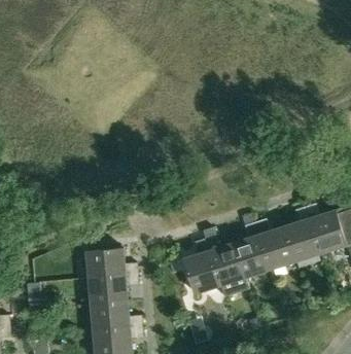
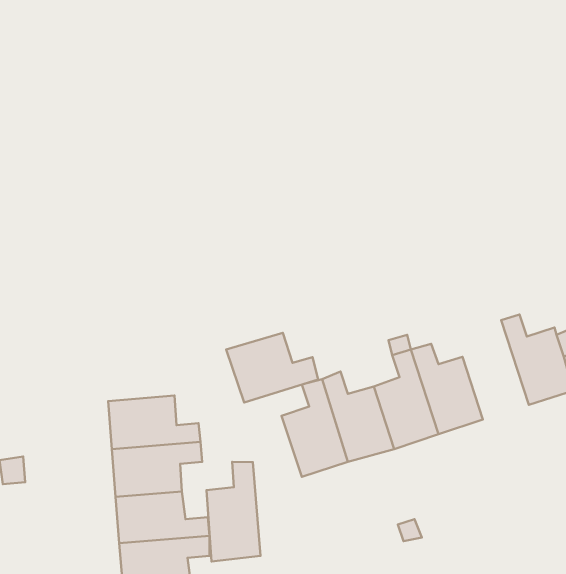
building: [283,207,320,262] -> none
building: none -> [226,333,318,402]
building: none -> [206,462,260,561]

